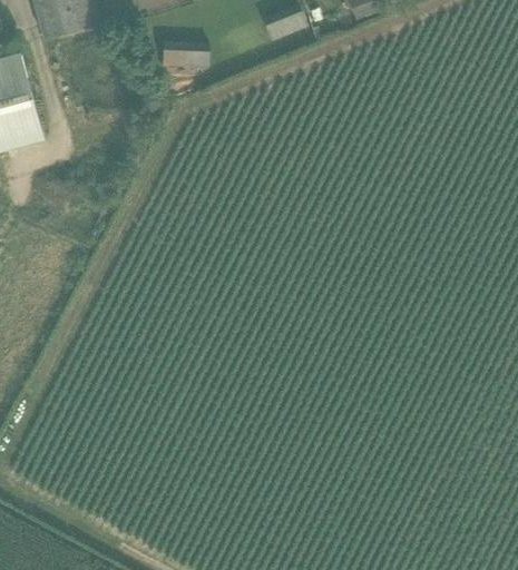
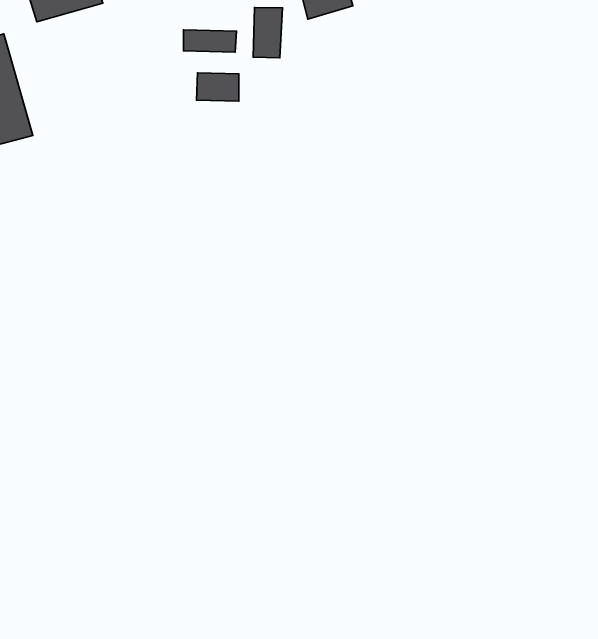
building: none -> [253,8,283,58]
building: none -> [196,73,239,101]

